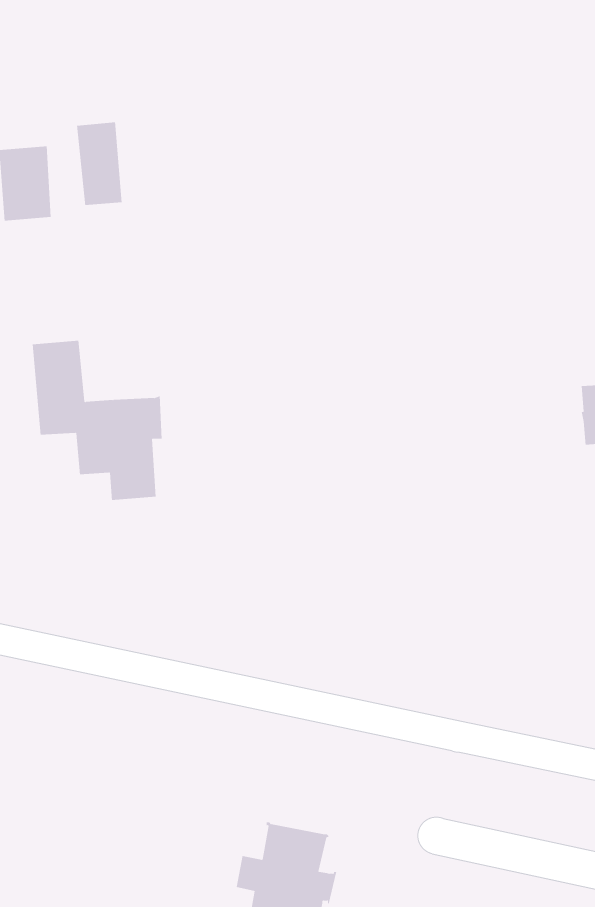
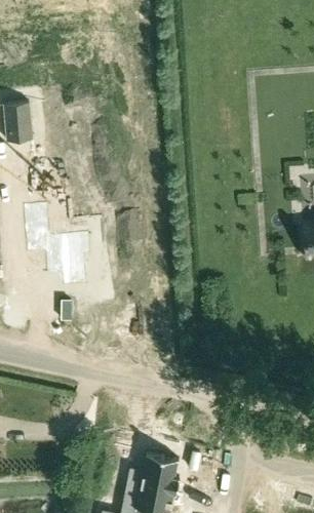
building: [76,122,122,206] -> none

